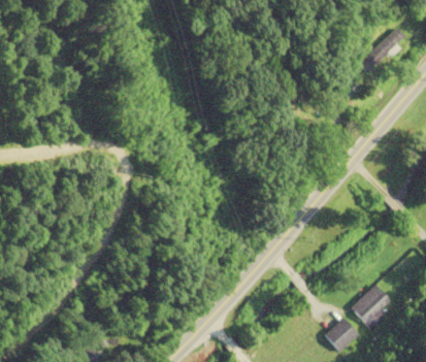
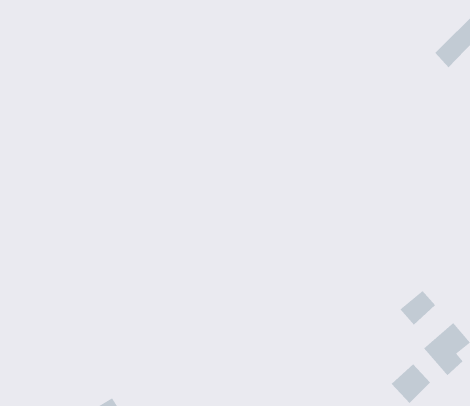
building: none -> [400,290,436,325]

